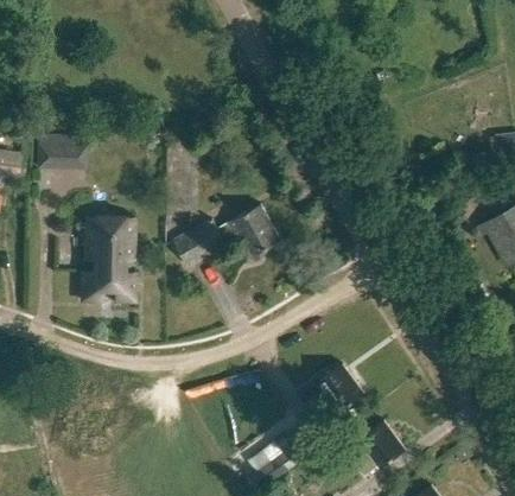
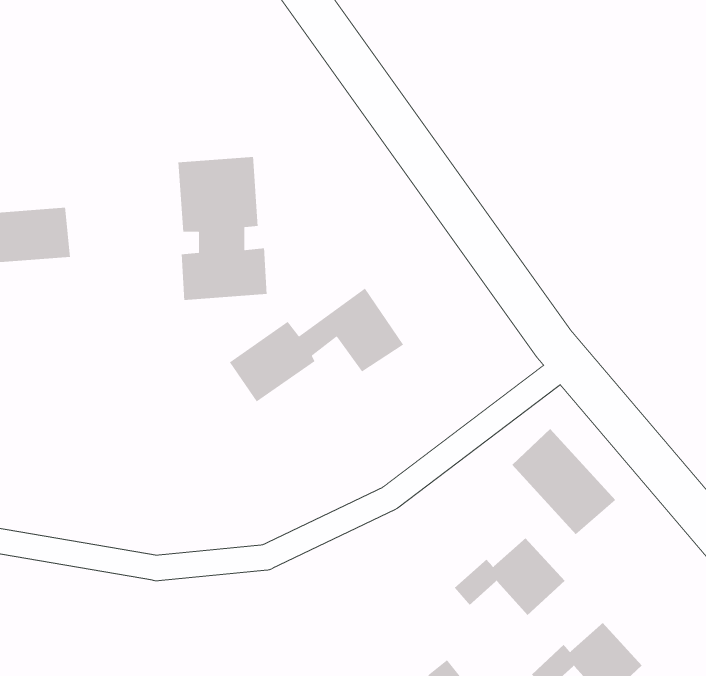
building: [81,217,133,303] -> [177,156,267,301]
building: none -> [511,428,616,535]

